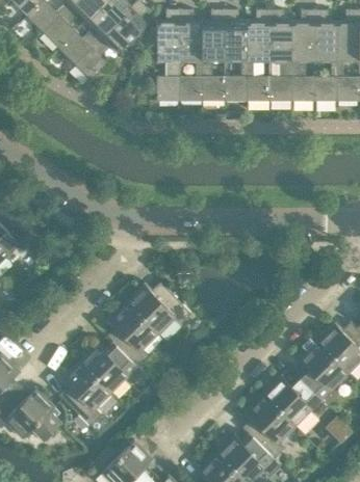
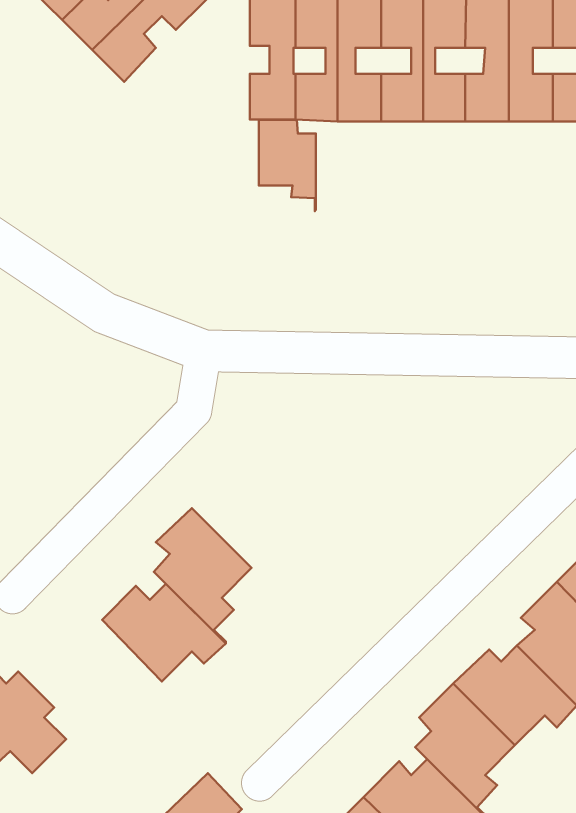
building: none -> [259,120,316,211]
building: [126,284,190,336] -> none
building: [58,363,110,428] -> none

